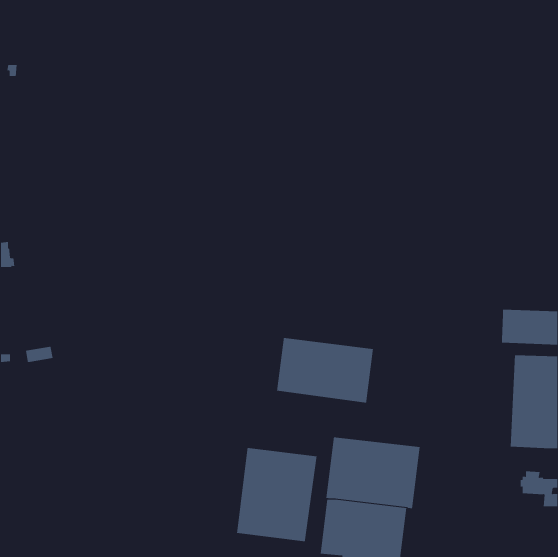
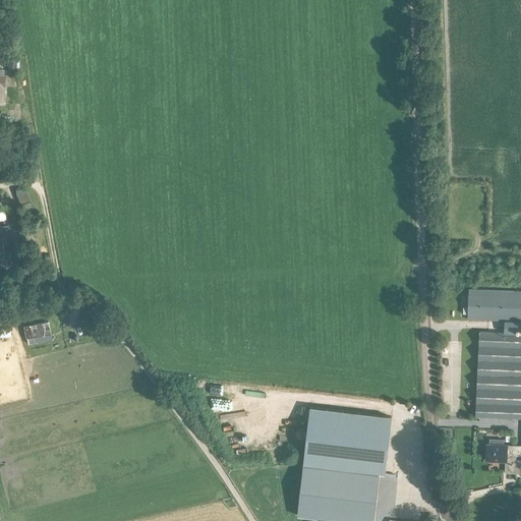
building: [277,337,374,403] -> none
building: [236,447,317,542] -> none

